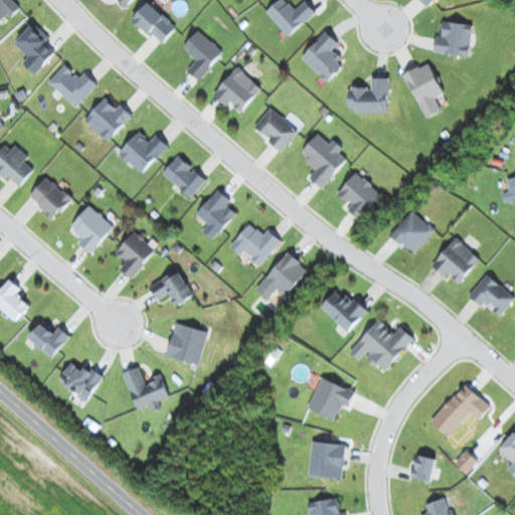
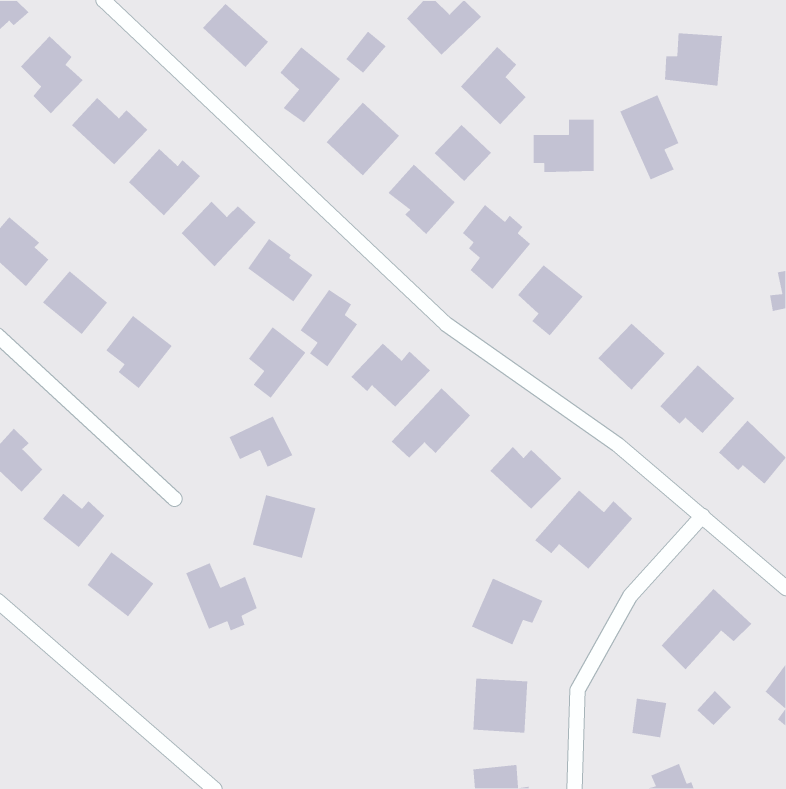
building: none -> [345,31,387,74]
building: none -> [434,124,492,182]
building: [116,231,154,279] -> [248,326,306,399]

